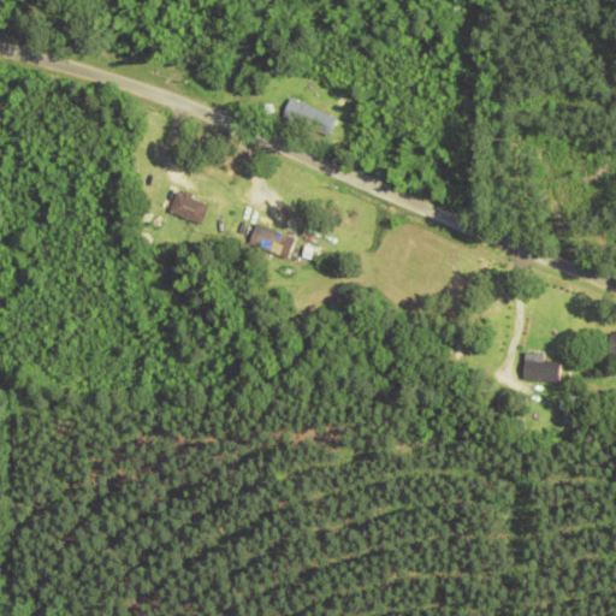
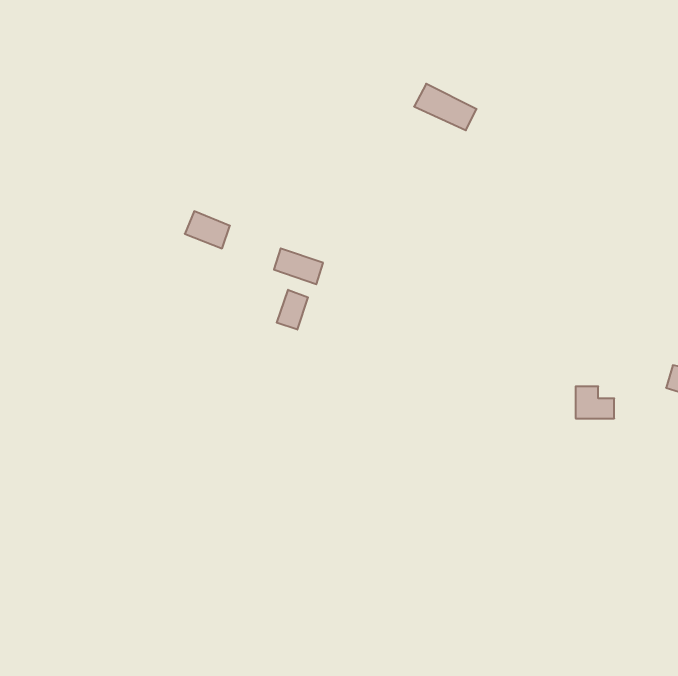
building: [282,96,338,138] -> [414,84,477,130]
building: none -> [277,290,308,330]

